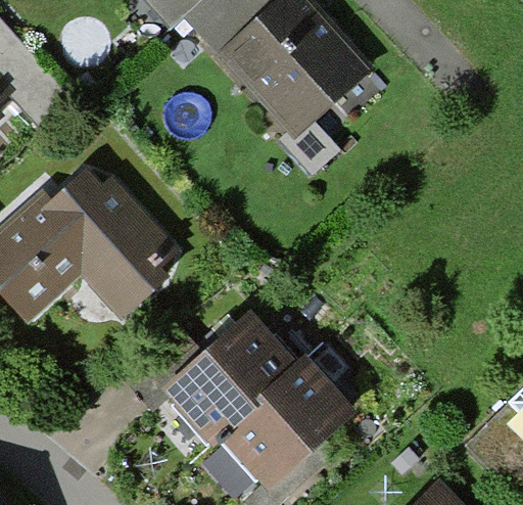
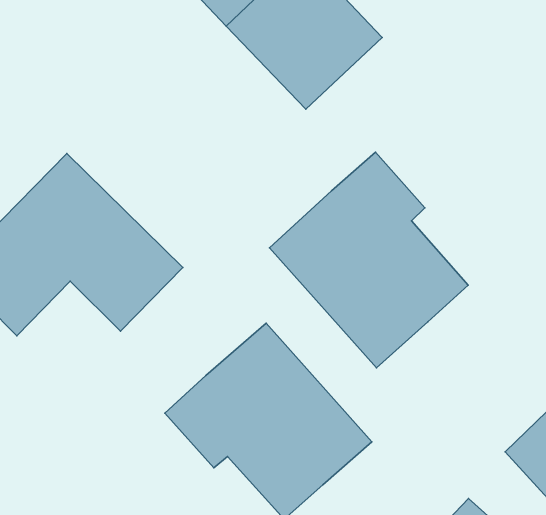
building: none -> [269,152,468,368]

